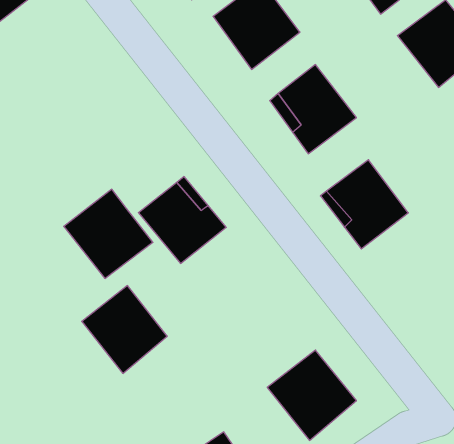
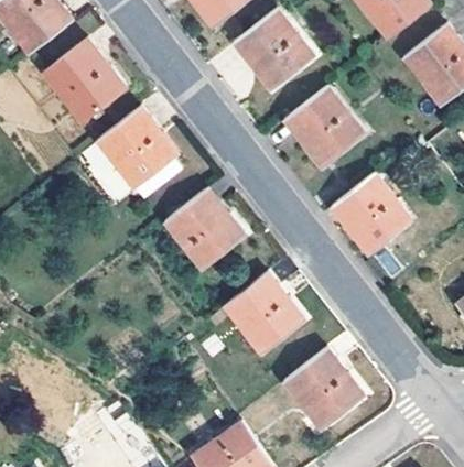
building: none -> [44,39,125,120]
building: [64,189,153,278] -> [96,106,177,187]
building: [82,286,167,373] -> [225,273,303,354]

